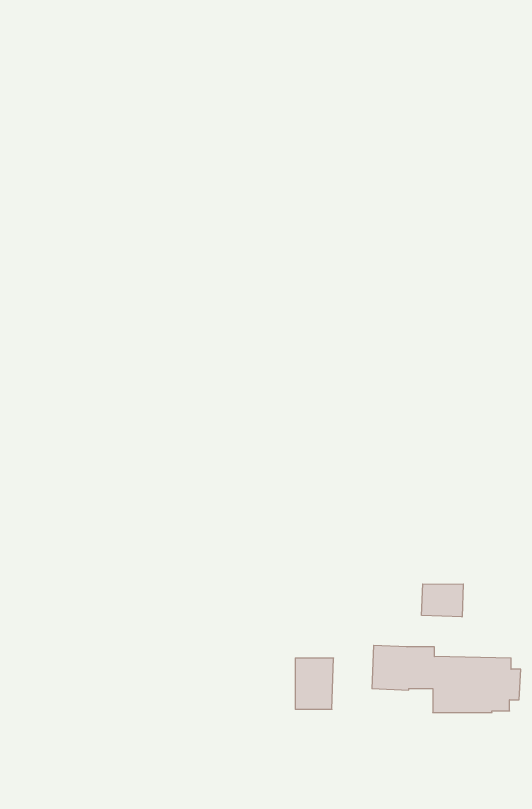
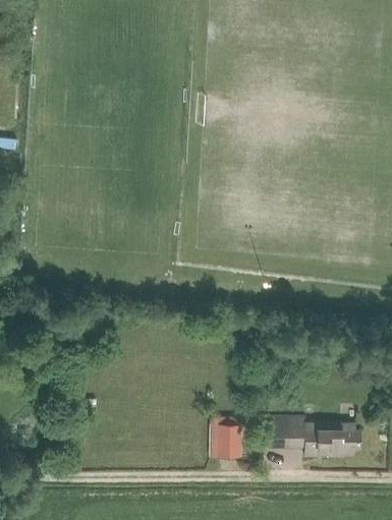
building: [422,584,463,617] -> none

